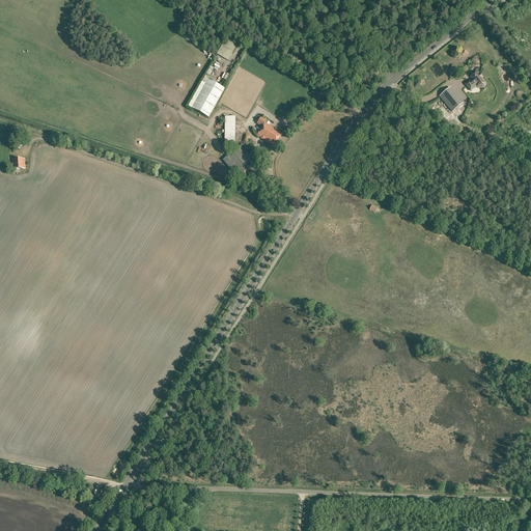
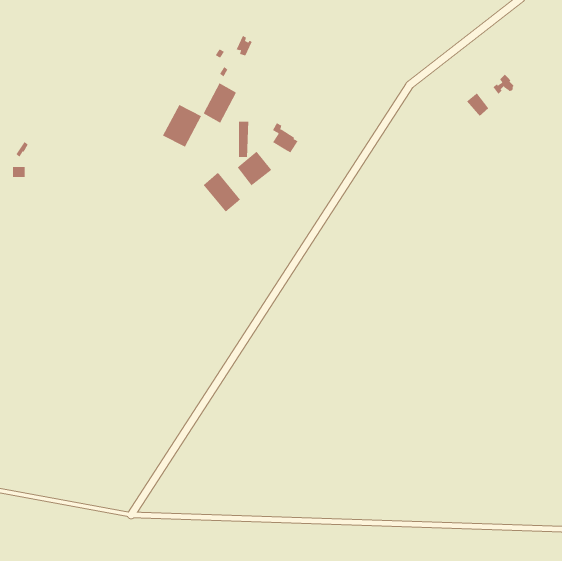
building: none -> [162,104,202,147]
building: none -> [203,172,241,213]

